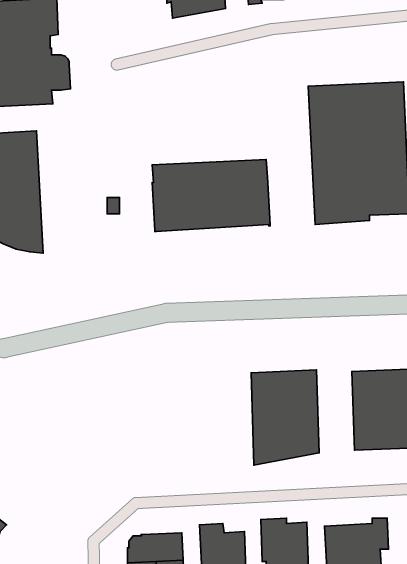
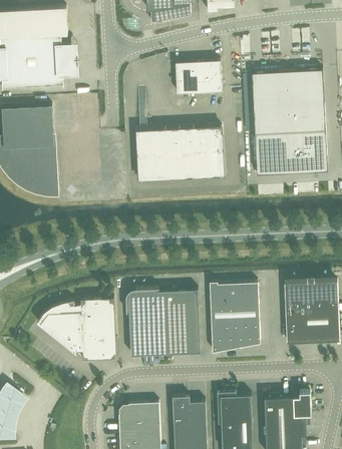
building: none -> [175,61,222,94]
building: none -> [125,289,200,356]
building: none -> [36,298,115,360]

